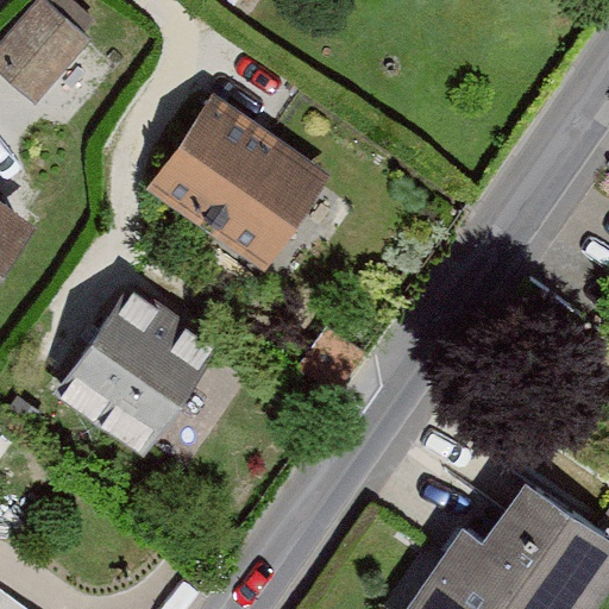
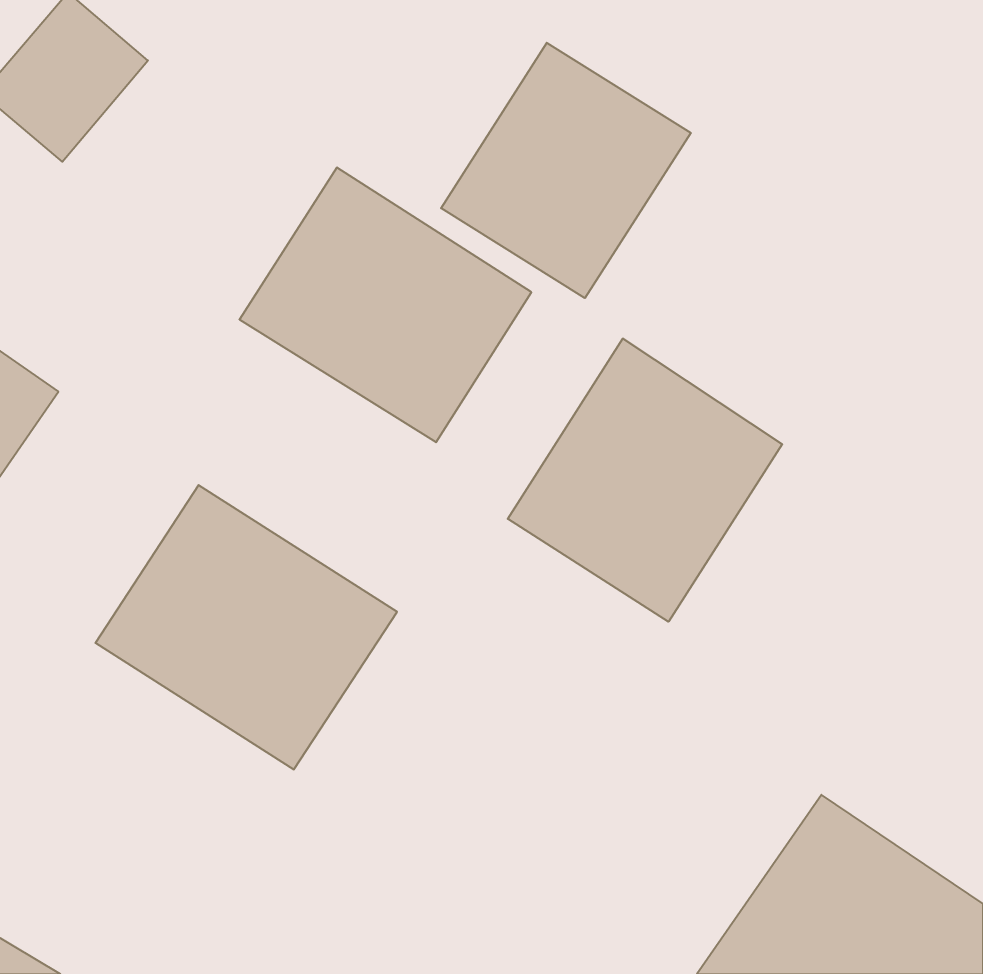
building: none -> [441,43,691,298]
building: none -> [508,338,782,622]

